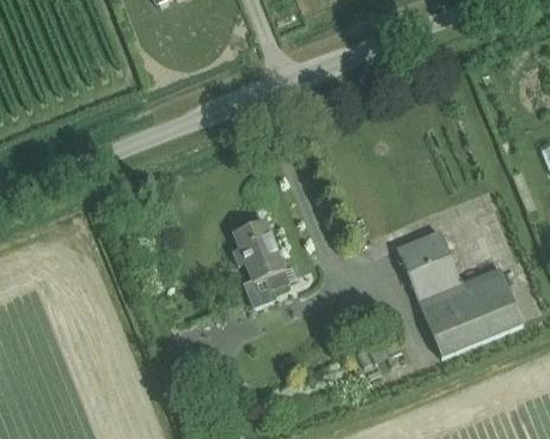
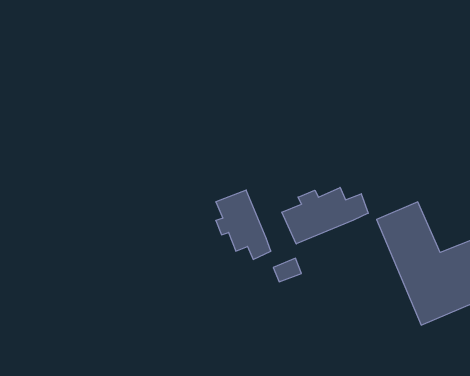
building: none -> [282,187,368,244]

